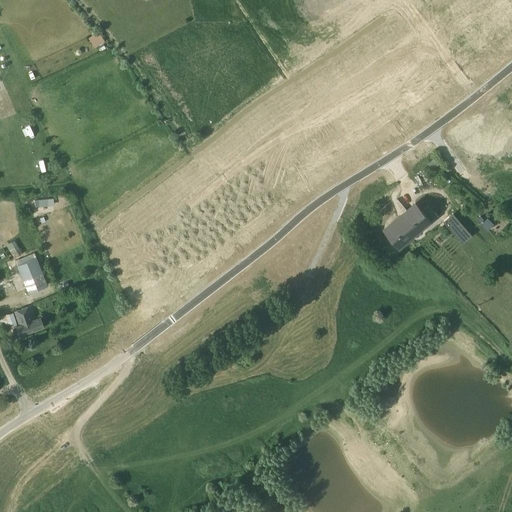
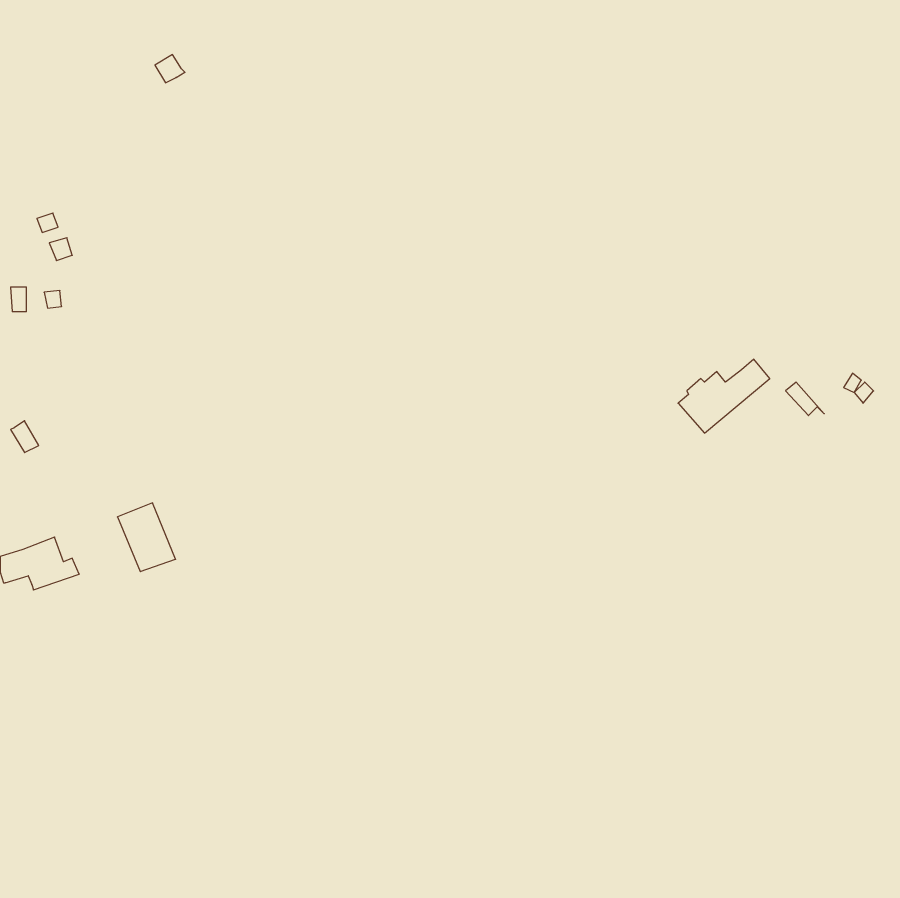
building: [15,253,48,292] -> [117,503,176,572]

